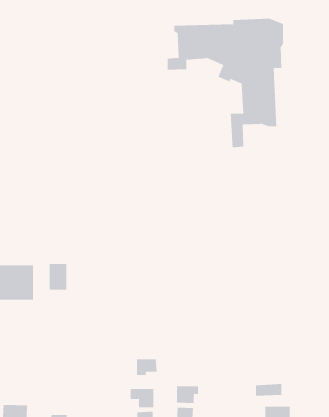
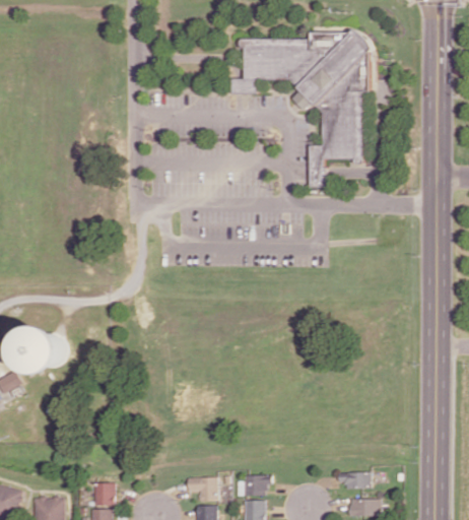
building: [49,263,67,290] -> none
building: [136,359,157,376] -> none
building: none -> [92,482,114,506]

